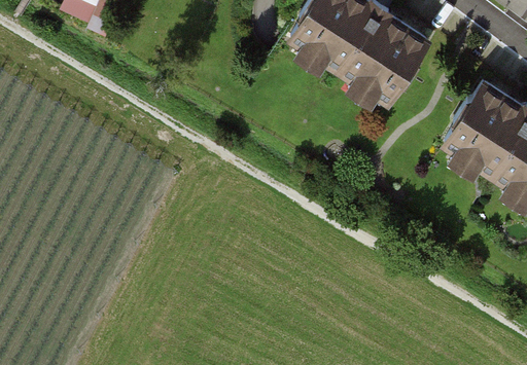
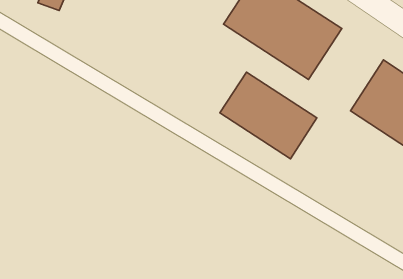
building: none -> [220,72,317,159]

